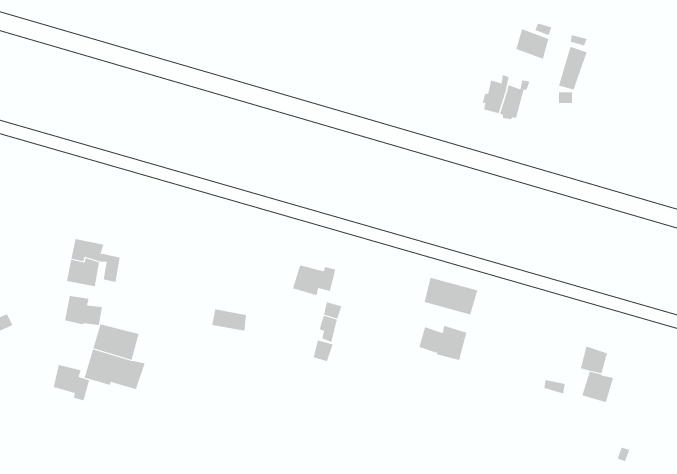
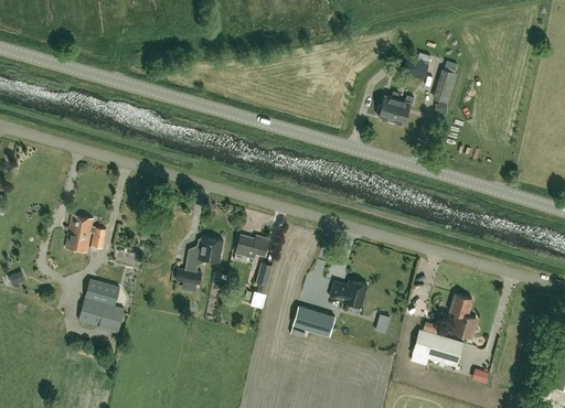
building: none -> [195,237,222,262]
building: [424,277,478,315] -> [298,303,339,332]
building: [64,295,103,326] -> none
building: [53,364,90,401] -> none
building: none -> [413,332,462,367]

